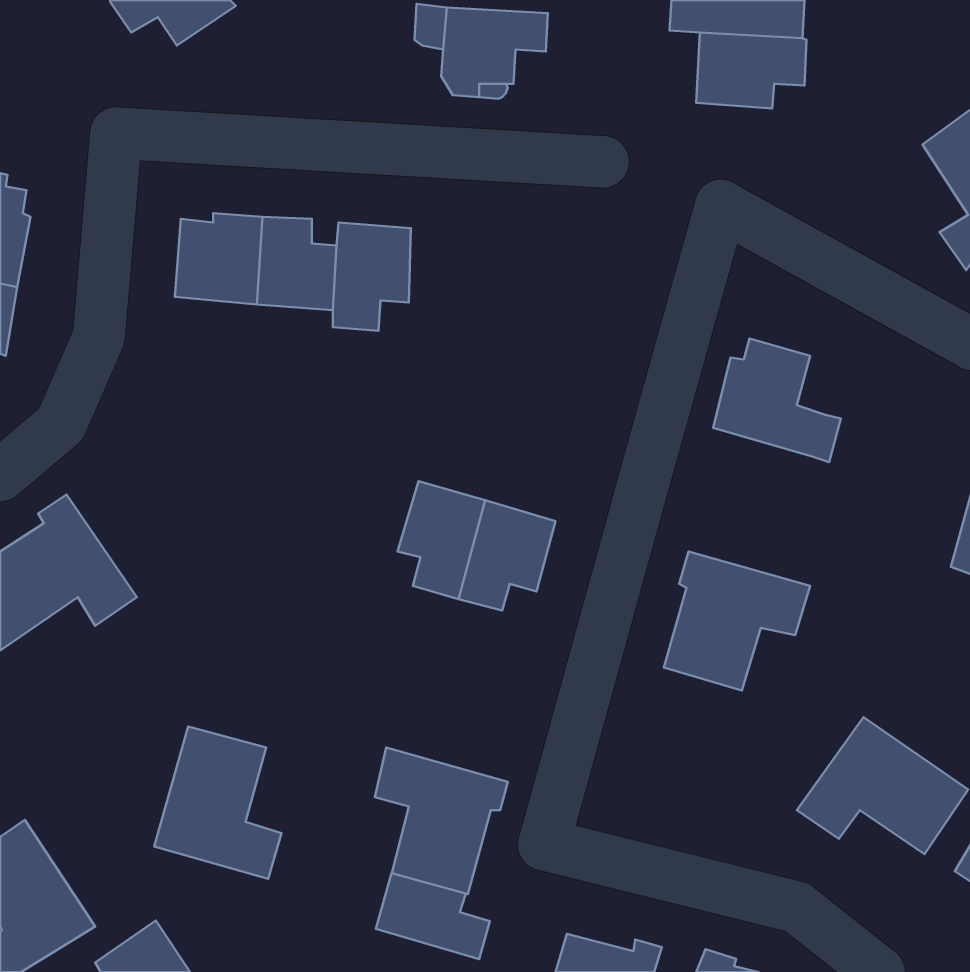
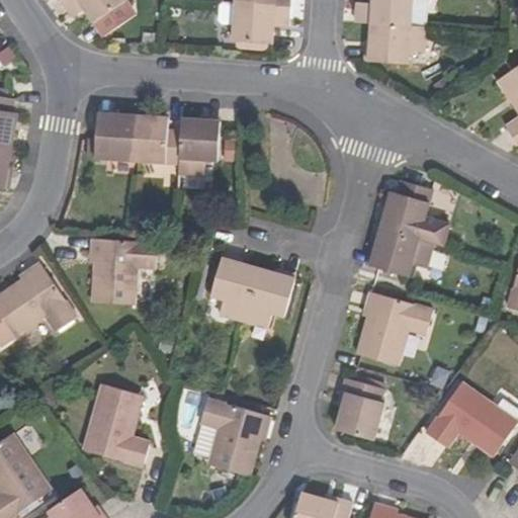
building: none -> [370,228,433,275]
building: none -> [89,239,158,306]
building: none -> [334,379,382,439]
building: [376,873,490,959] -> none

